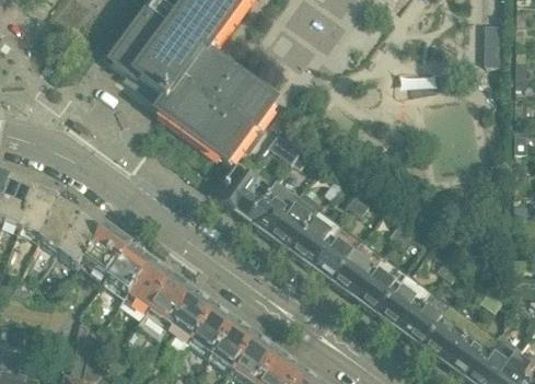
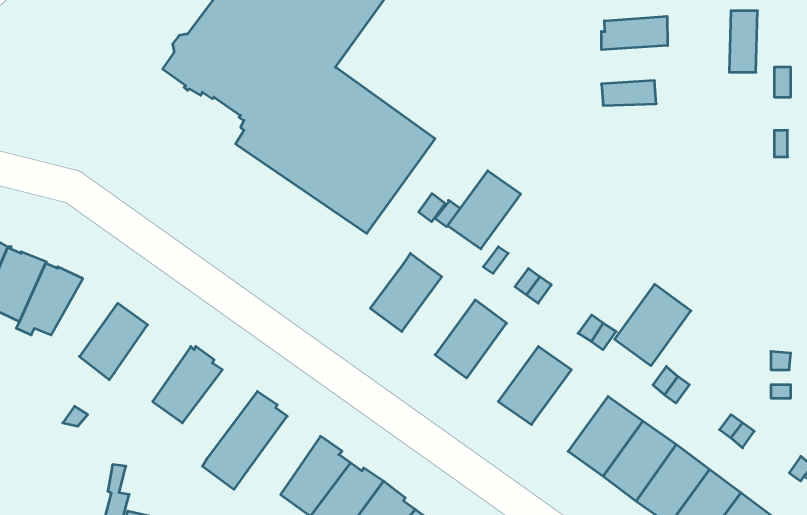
building: none -> [601,16,668,50]
building: [216,167,269,220] -> none
building: [268,199,316,251] -> [448,171,521,249]
building: [37,200,81,252] -> none
building: [79,228,129,281] -> none
building: [311,230,358,281] -> none
building: [119,260,173,318] -> none
building: [353,260,404,314] -> [615,284,691,366]
building: [166,291,214,351] -> none

